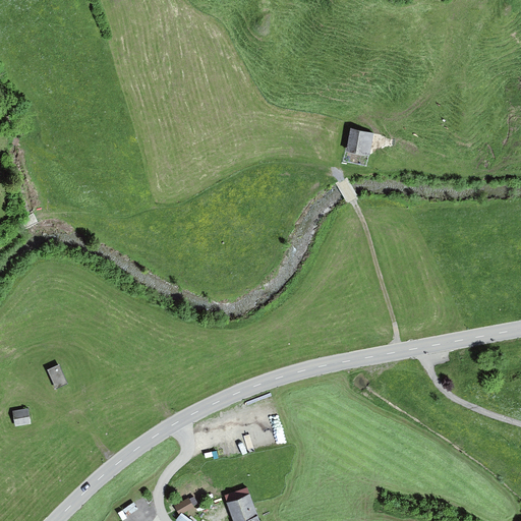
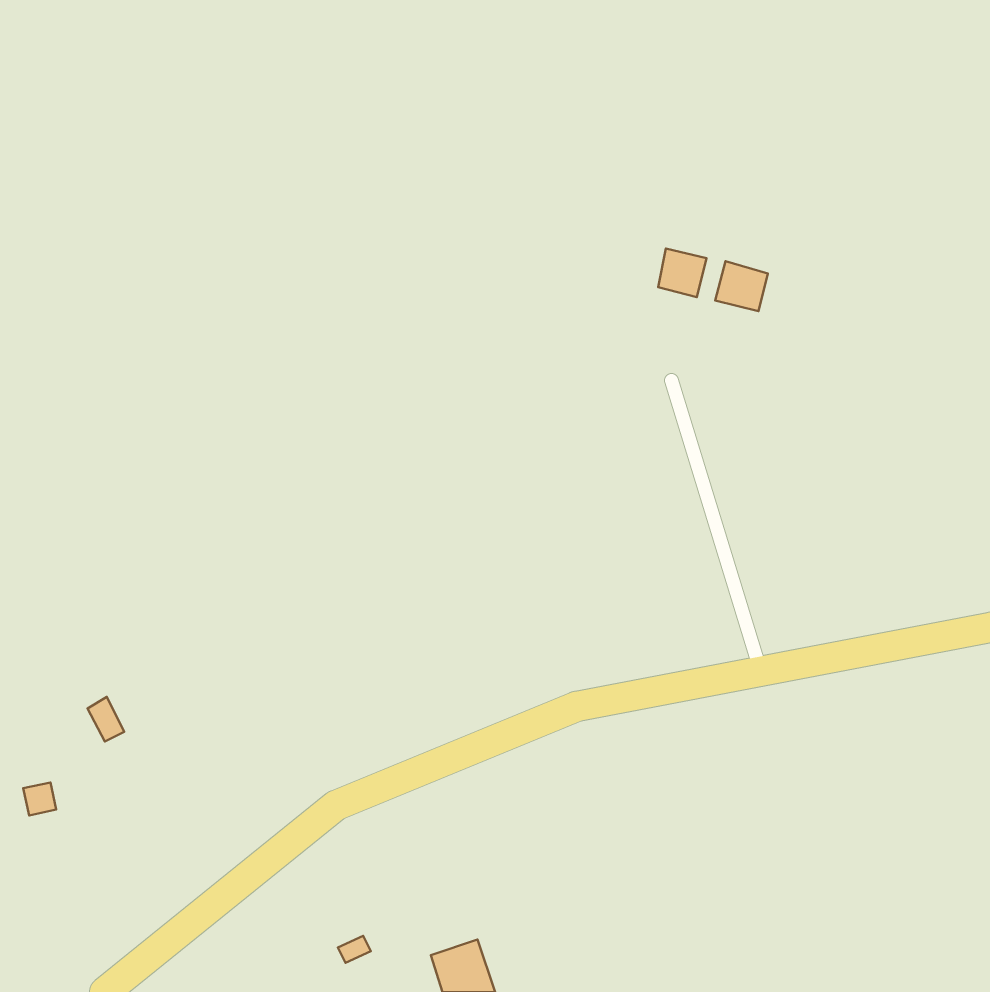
building: none -> [715,261,768,311]

